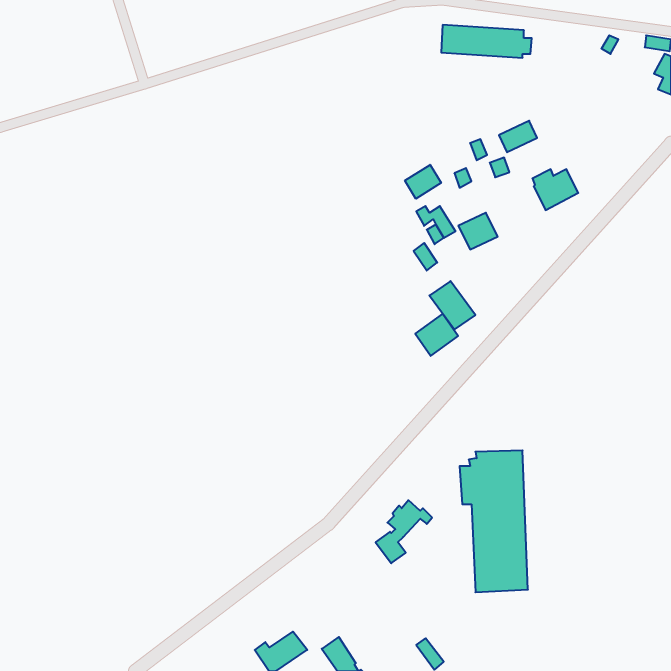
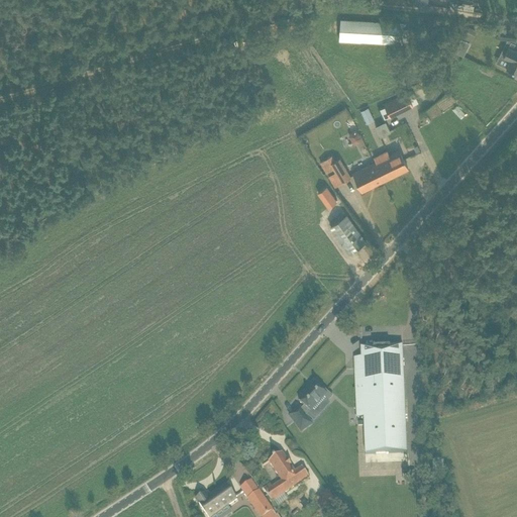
building: [405,165,441,199] -> none
building: [532,169,578,210] -> [373,150,408,182]
building: [415,314,458,356] -> none
building: none -> [263,453,309,503]

